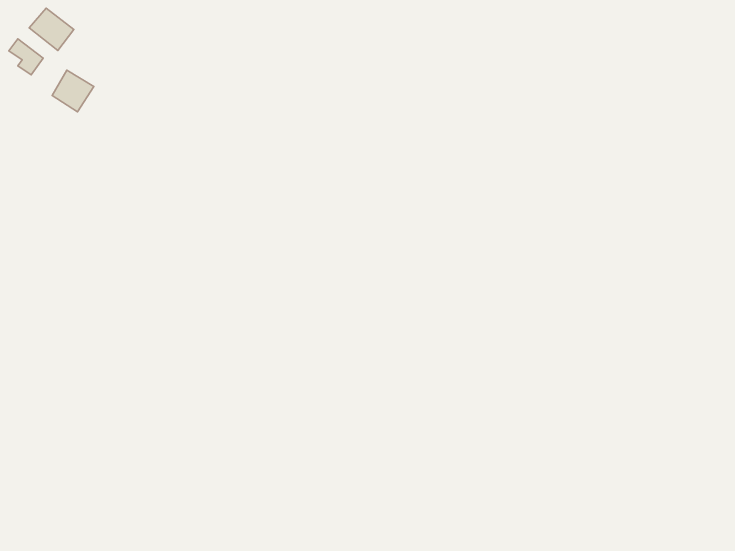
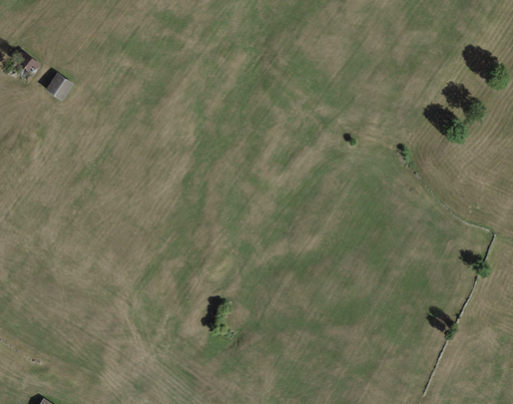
building: [29,8,74,50] -> none

